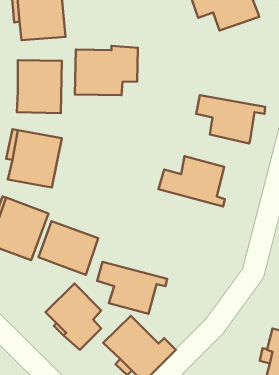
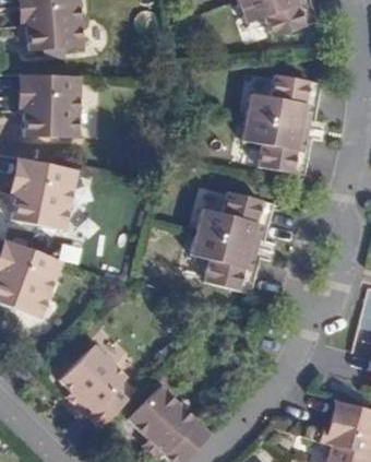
building: [75,46,138,95] -> none
building: none -> [246,76,326,131]
building: [38,221,98,275] -> none
building: [97,262,167,314] -> [189,232,274,295]

